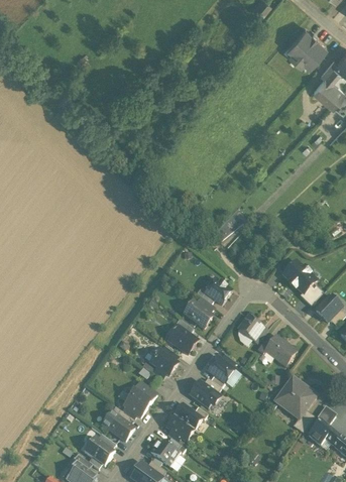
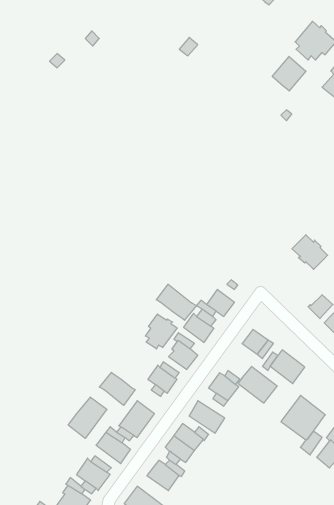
building: none -> [272,56,306,91]
building: [281,260,315,292] -> [292,235,328,269]
building: none -> [156,284,197,320]
building: none -> [145,314,177,349]
building: none -> [238,366,277,403]
building: none -> [99,372,135,405]
building: none -> [68,397,107,438]

